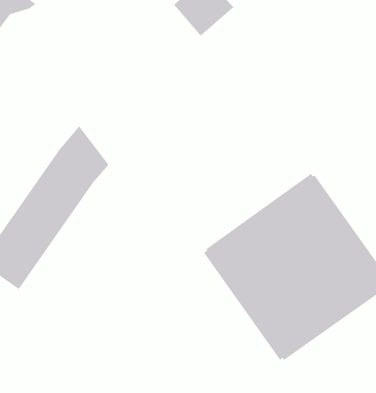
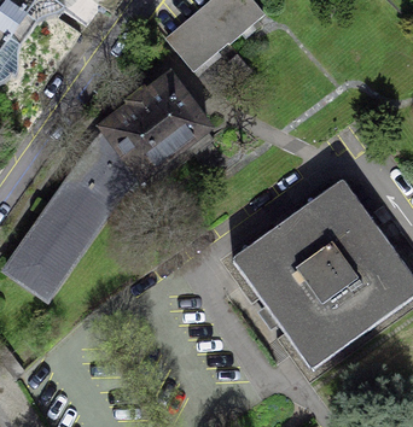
building: none -> [168,10,227,69]
building: none -> [104,76,214,185]

